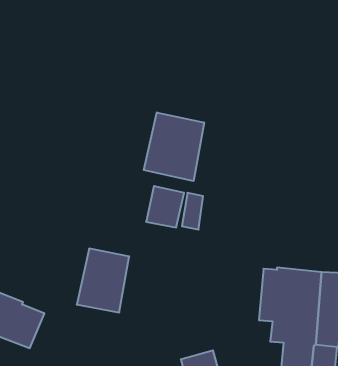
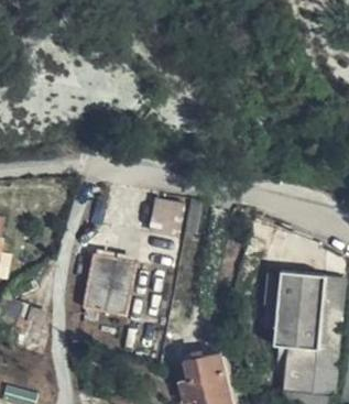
building: [144,112,204,181] -> none

